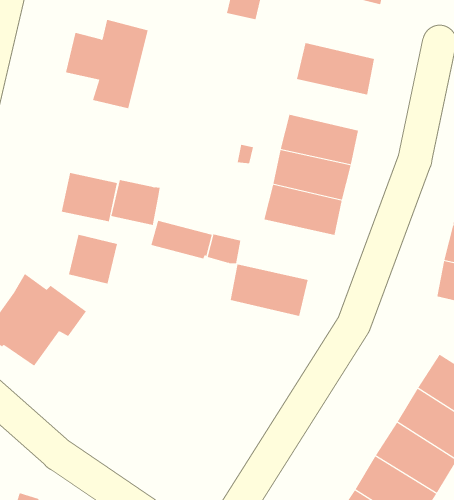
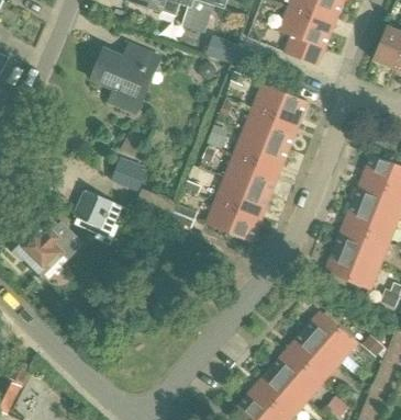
building: none -> [243,107,299,149]
building: [61,172,118,222] -> none
building: [230,264,308,316] -> [205,200,261,242]

